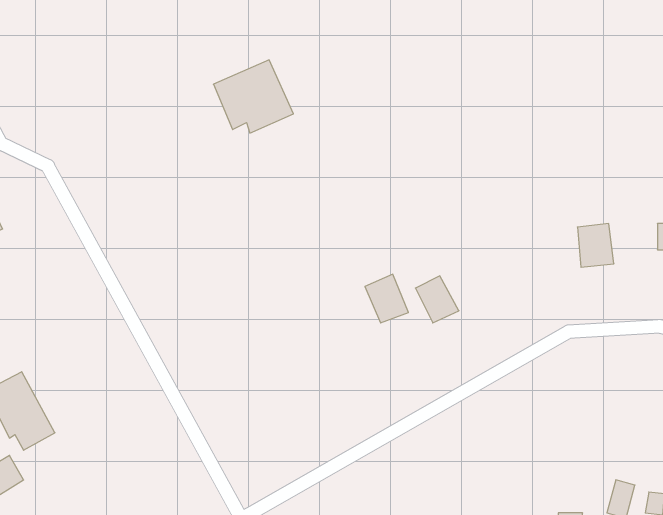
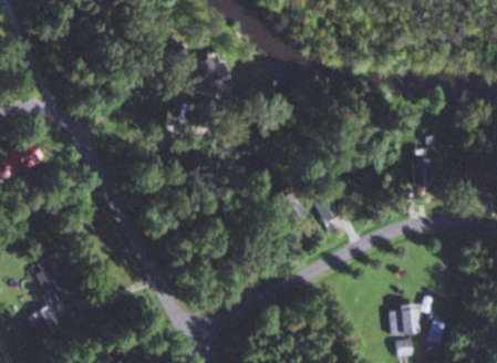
building: none -> [392,305,420,334]

